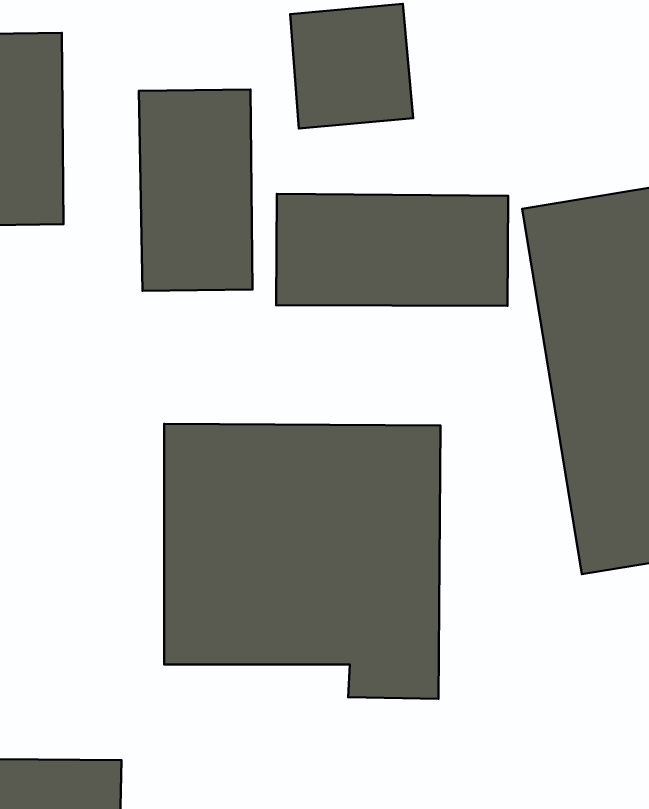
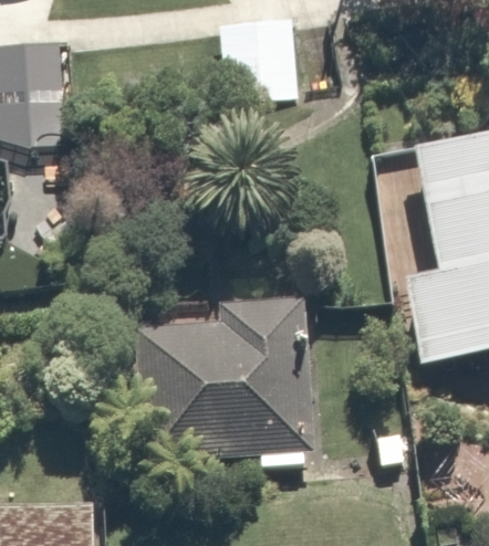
building: [139,89,252,291] -> none
building: [276,194,508,306] -> none

